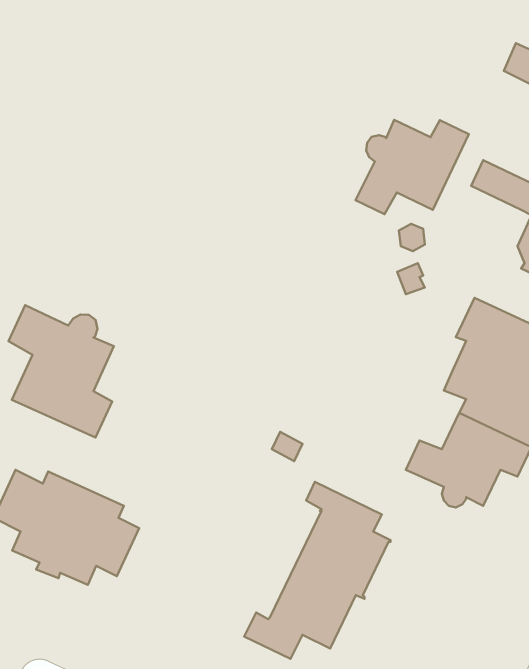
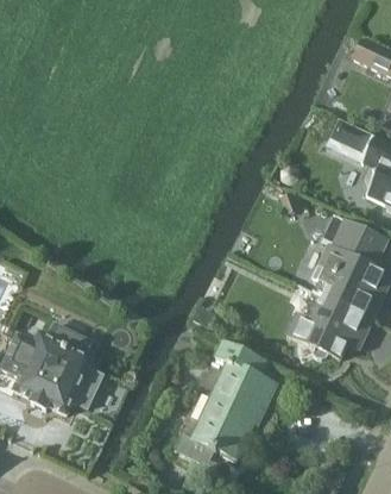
building: [355,120,469,214] -> none
building: [8,305,114,438] -> none

